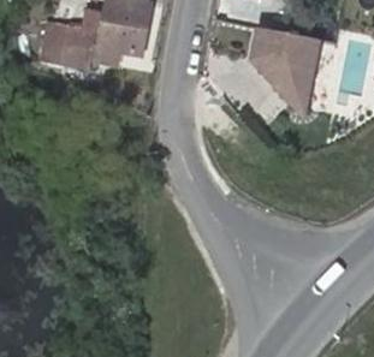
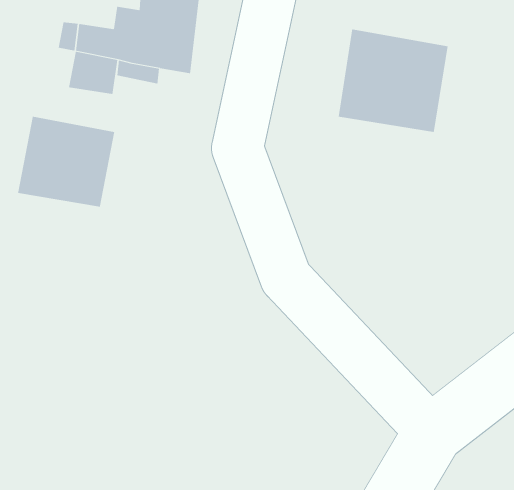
building: none -> [18,116,115,208]

